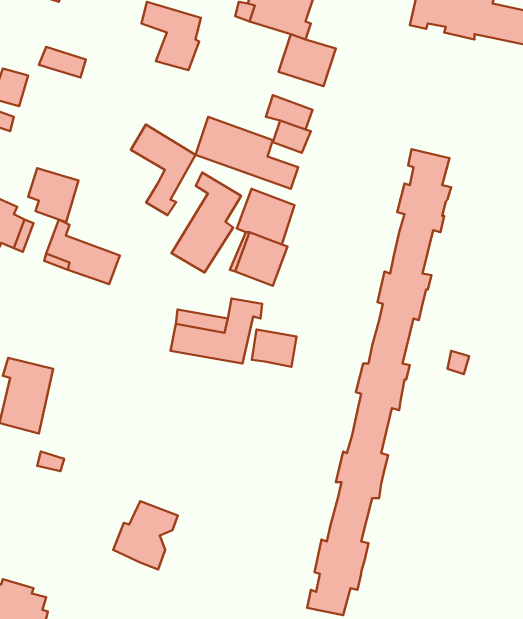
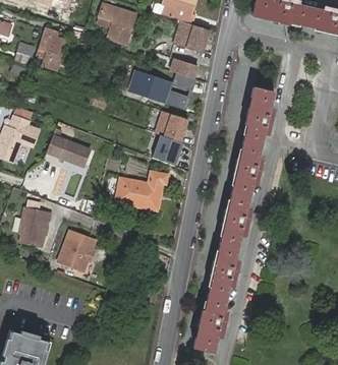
building: [131,124,196,215] -> none
building: [28,168,79,222] -> [37,40,65,70]
building: [171,173,241,272] -> none
building: [252,329,296,367] -> none
building: [113,501,178,570] -> [58,232,95,270]

